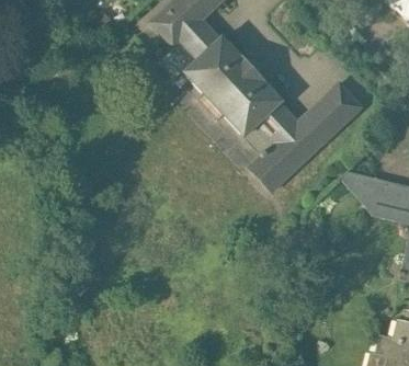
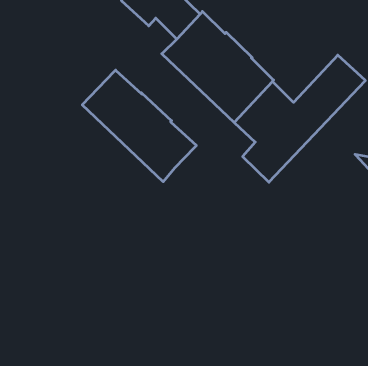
building: none -> [82,70,196,182]

